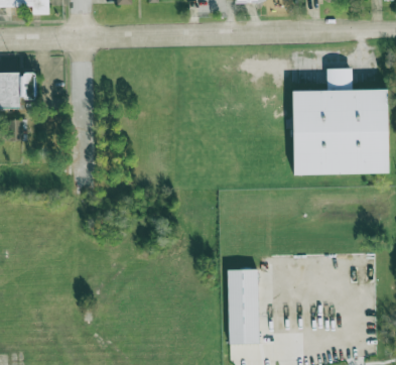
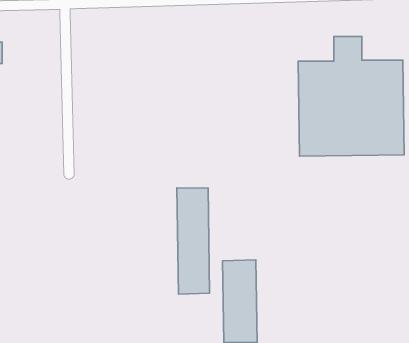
building: none -> [177,188,210,294]

